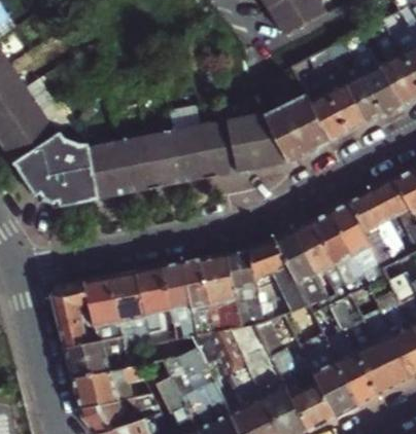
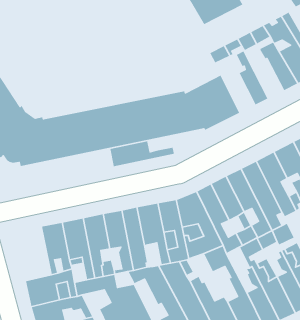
building: [337,66,381,124] -> none
building: [299,80,346,142] -> none
building: none -> [109,141,175,167]
building: [50,281,96,348] -> none

